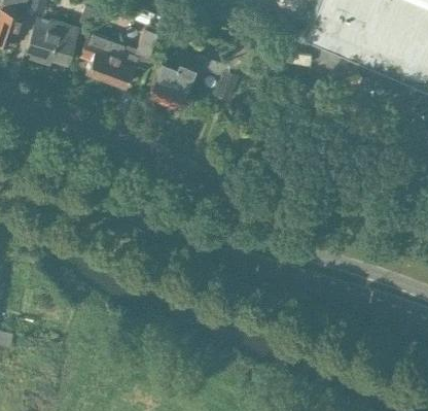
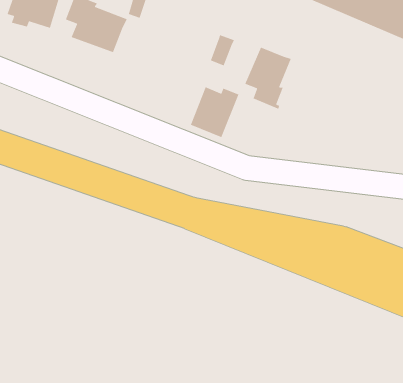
building: [149,60,195,108] -> [190,86,240,138]
building: none -> [244,47,292,110]

